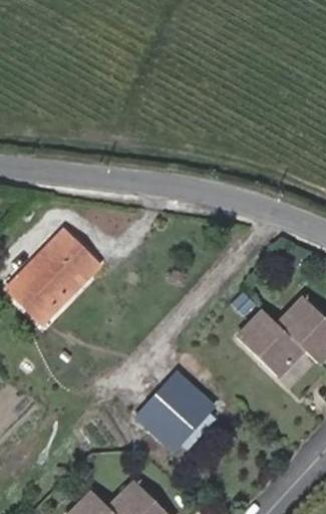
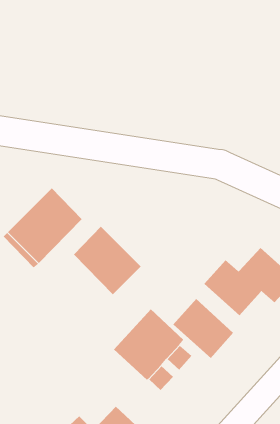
building: none -> [73,226,142,295]
building: none -> [172,298,234,359]

